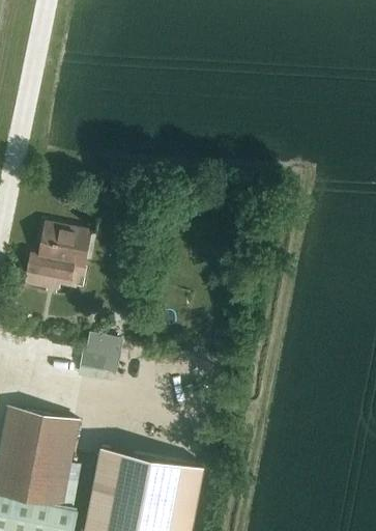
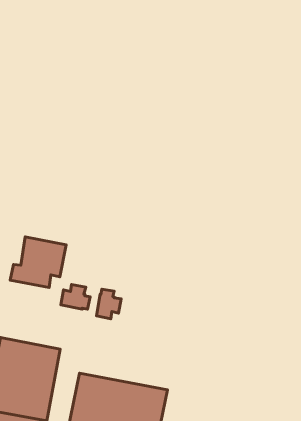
building: [26,224,91,283] -> [10,237,66,287]
building: none -> [96,289,121,319]

